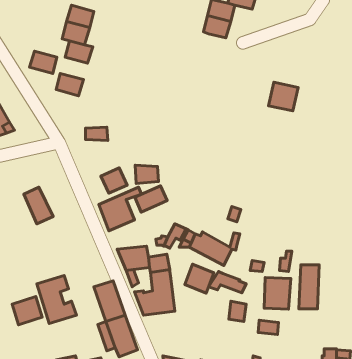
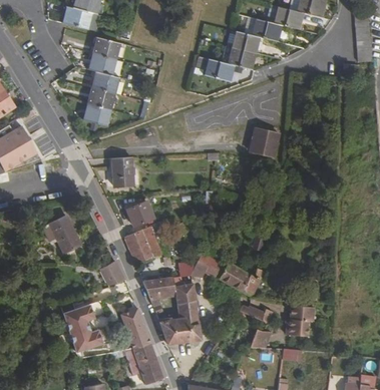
building: none -> [205,59,233,81]
building: [30,51,57,73] -> [86,88,113,110]
building: [269,82,298,111] -> [250,128,279,156]
building: [135,165,158,184] -> [111,169,134,187]
building: [135,186,167,212] -> none
building: none -> [99,261,126,286]
building: [185,264,214,293] -> none
building: [299,265,319,309] -> none
building: [12,297,42,325] -> none

